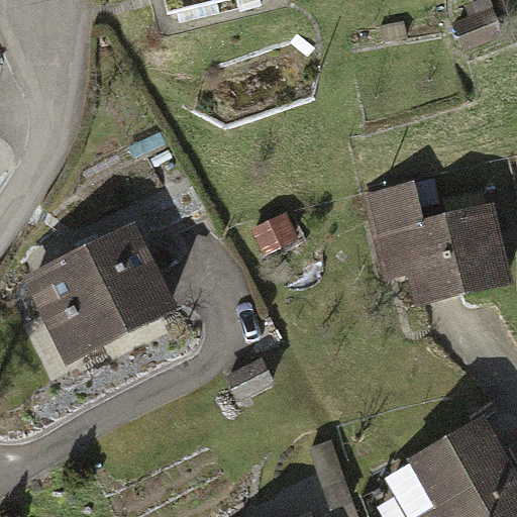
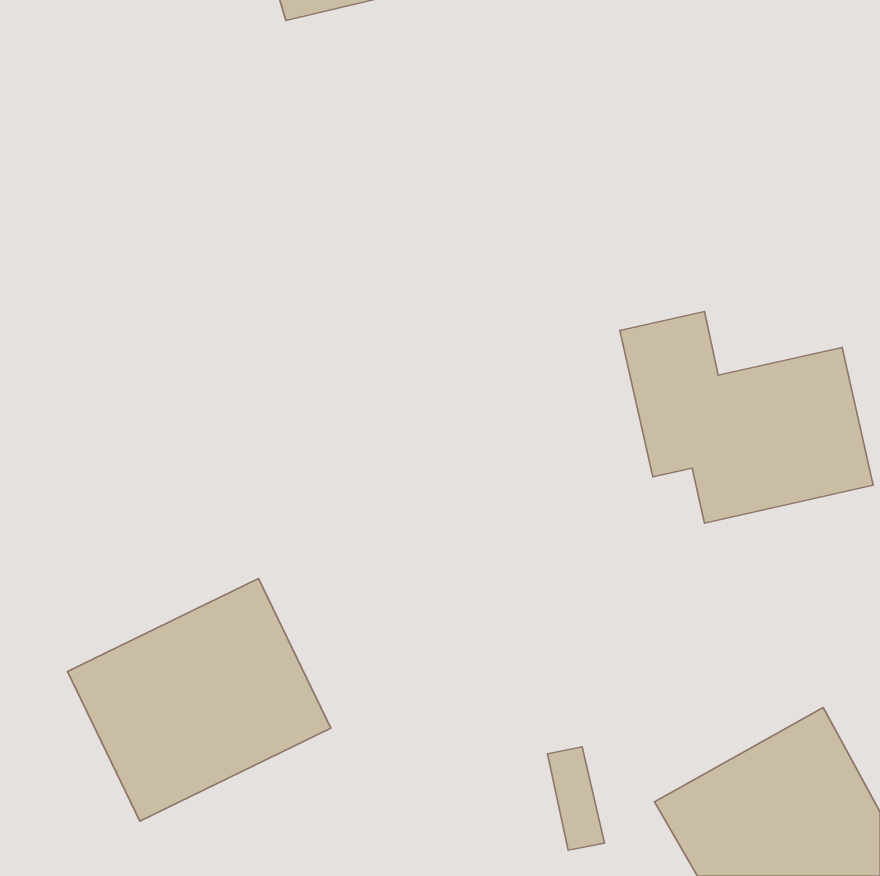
building: [21,222,176,365] -> [68,579,331,821]

